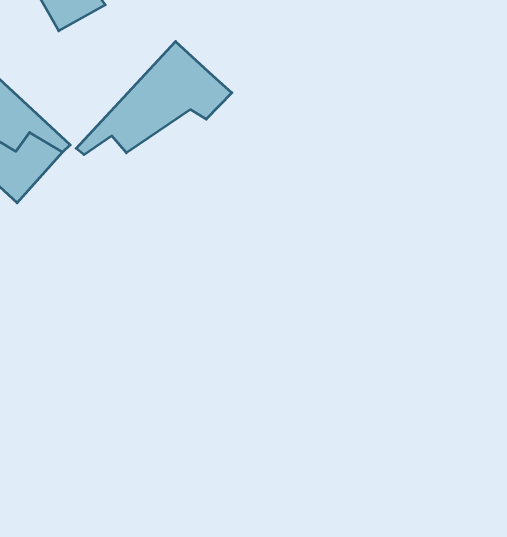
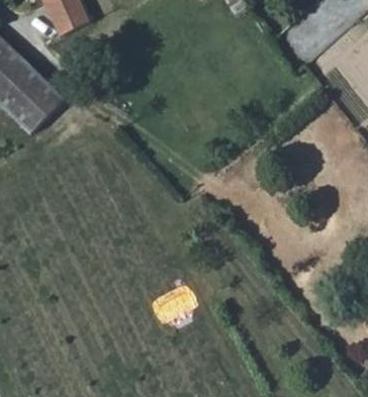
building: [76,41,232,155] -> none

